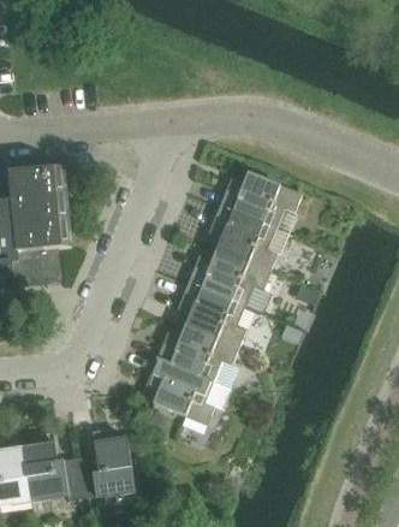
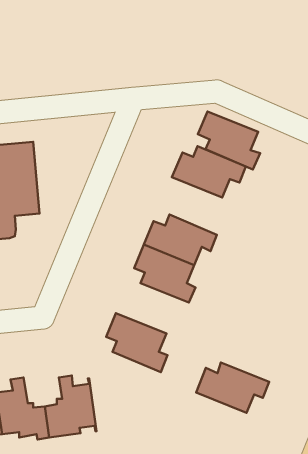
building: [208,206,278,271] -> [198,112,260,169]
building: [156,325,238,381] -> [196,362,269,413]

